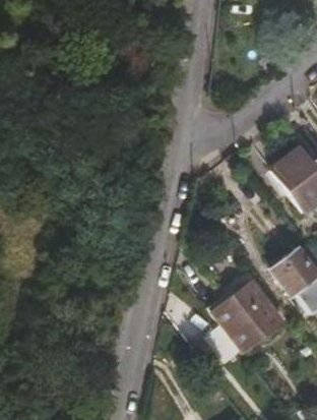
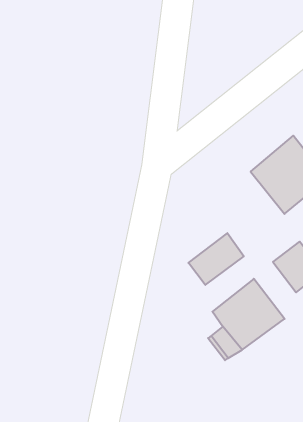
building: none -> [188,233,244,285]

